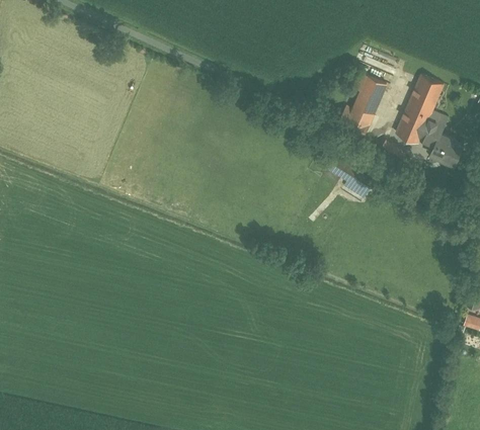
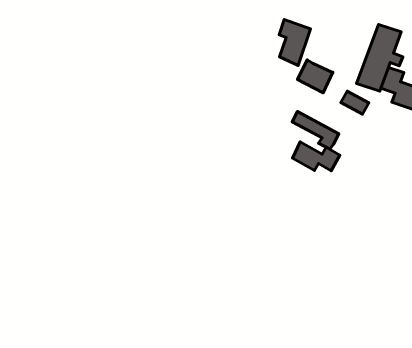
building: [352,73,386,120] -> [279,20,311,66]
building: none -> [293,142,340,171]

